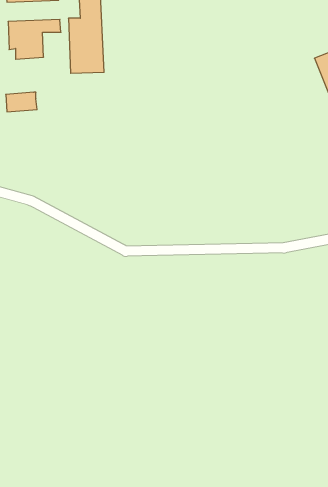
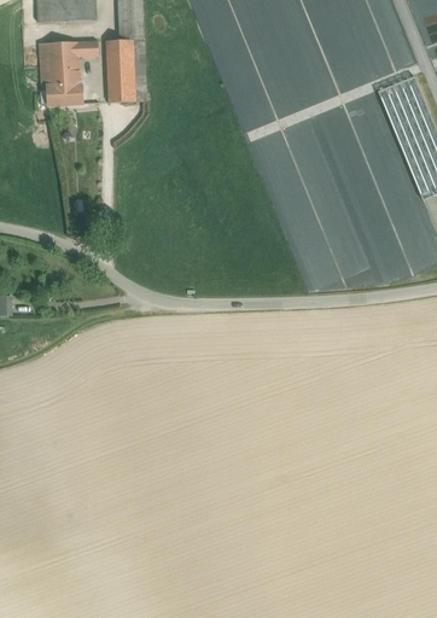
building: [6,92,37,112] -> [46,83,81,105]

